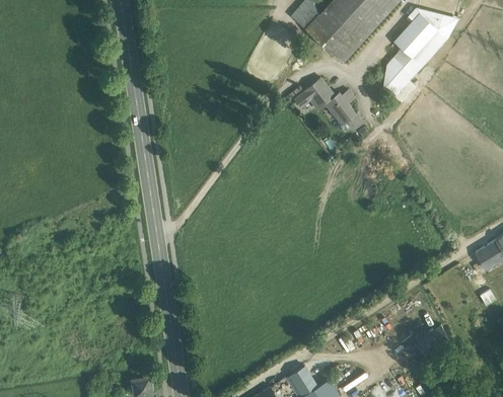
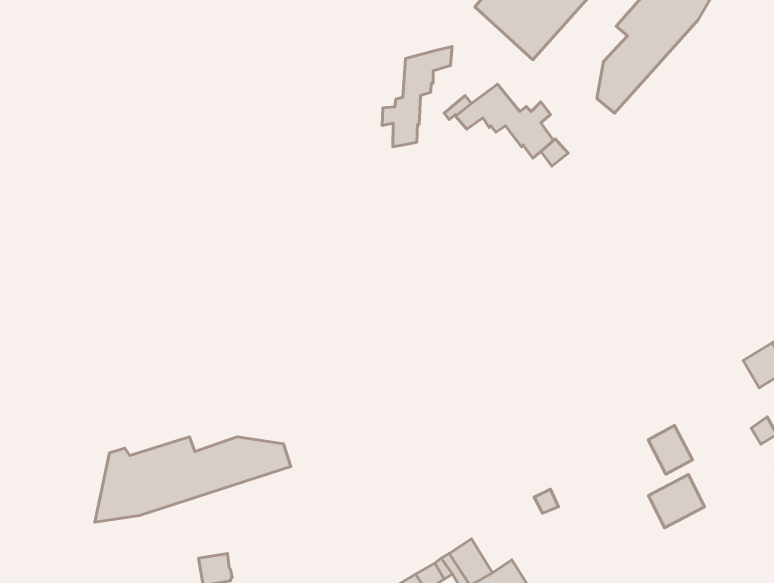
building: none -> [382,47,452,147]
building: none -> [648,425,692,474]
building: none -> [95,437,291,522]

